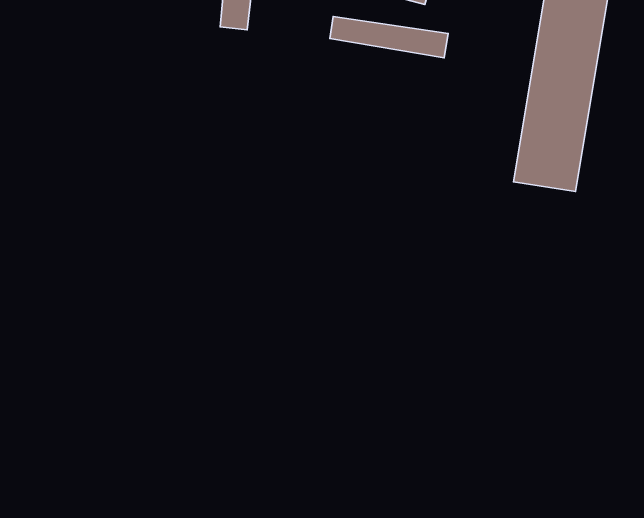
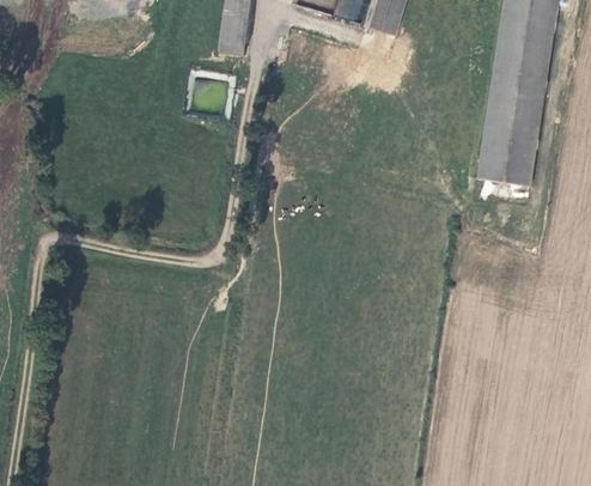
building: [330,16,448,58] -> none

